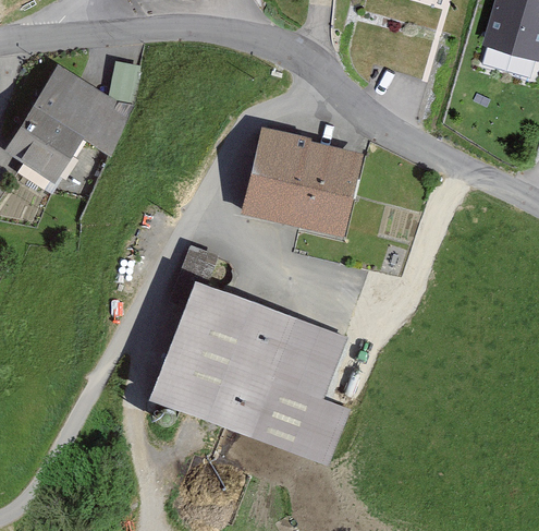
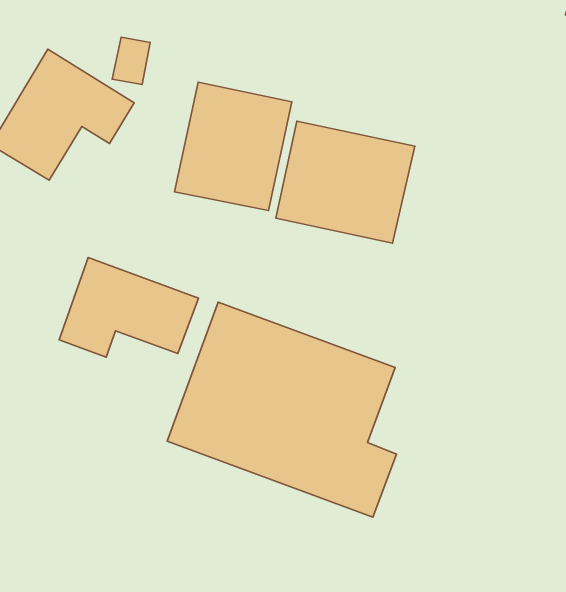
building: none -> [175,82,292,211]
building: none -> [59,257,198,357]

